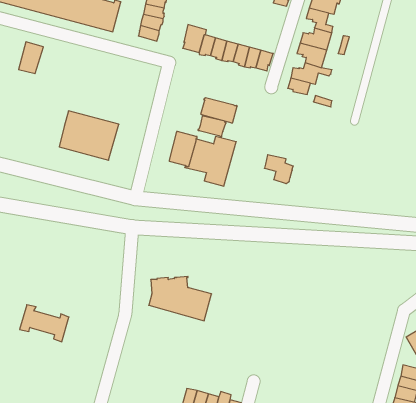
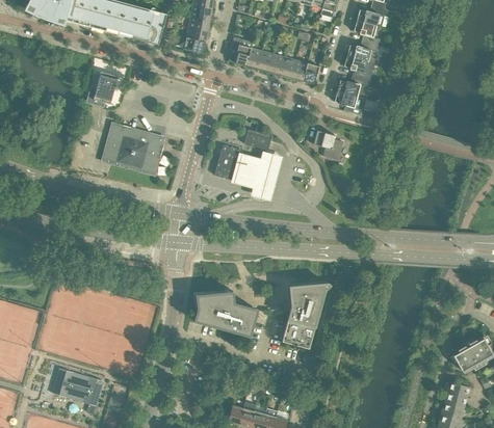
building: [19,42,43,74] -> [93,71,118,103]
building: [201,98,237,123] -> none
building: [264,155,293,184] -> [313,130,342,159]
building: none -> [281,283,329,348]
building: [20,305,69,342] -> [52,368,102,405]

